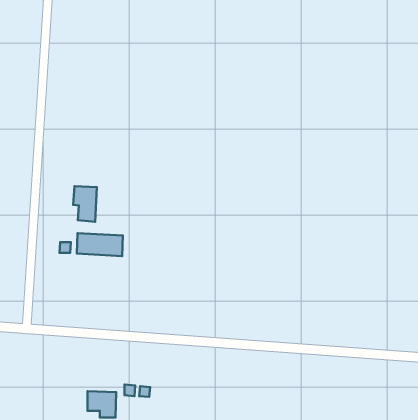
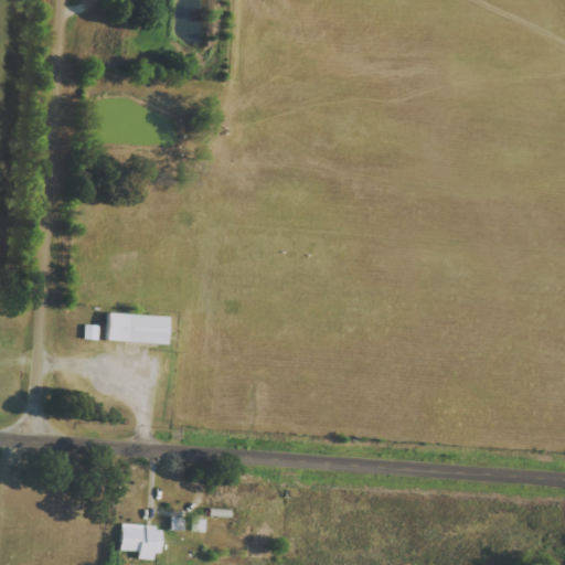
building: [73,186,97,222] -> none

